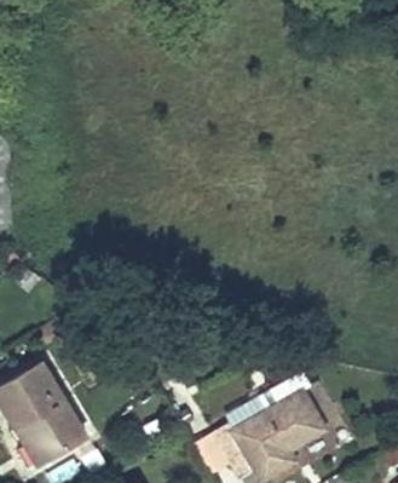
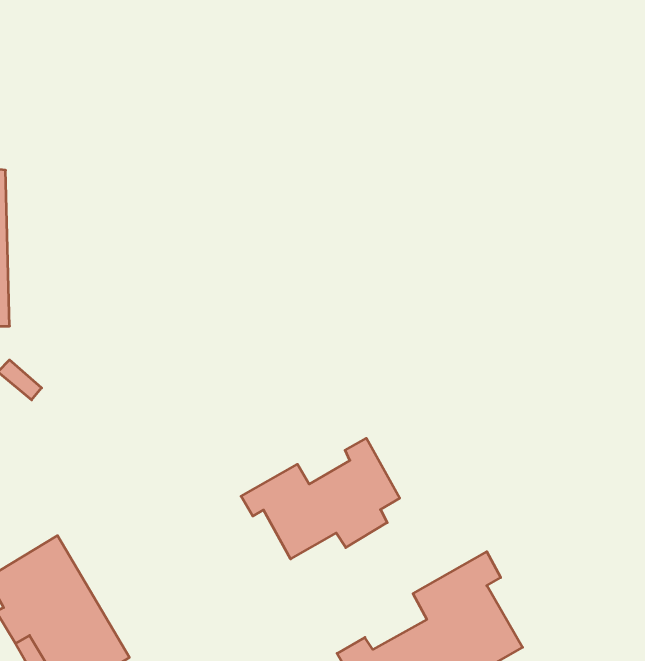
building: none -> [241,438,400,559]

